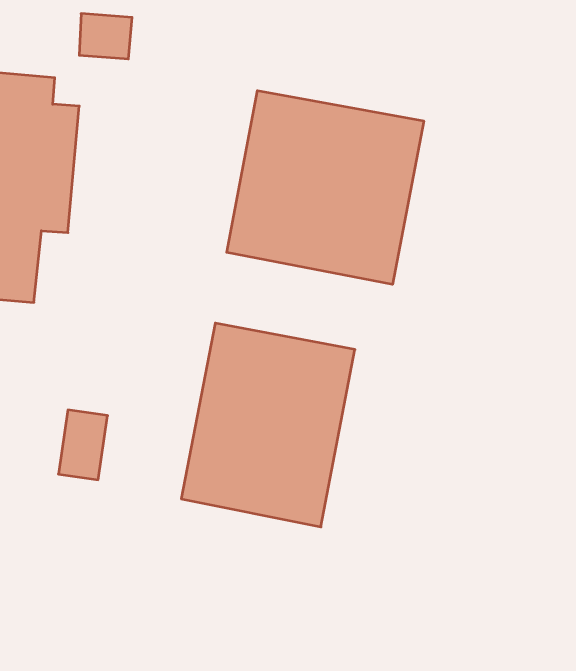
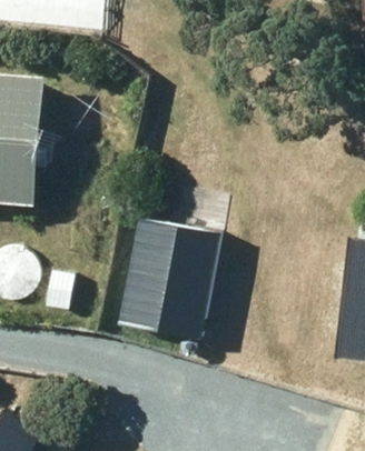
building: [227,91,424,284] -> none

